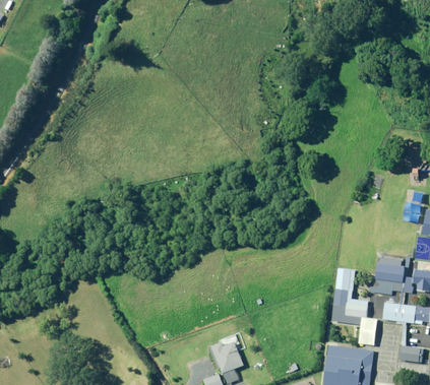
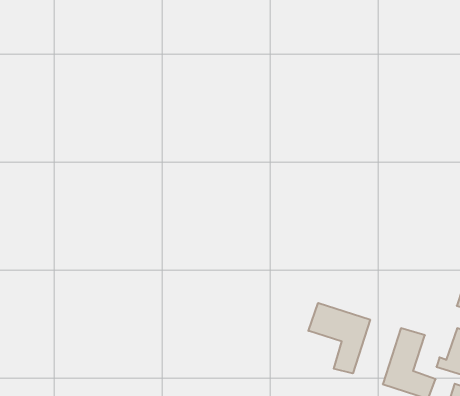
building: none -> [308,303,370,373]

